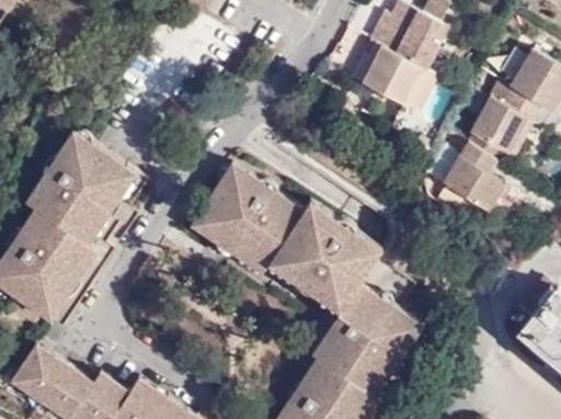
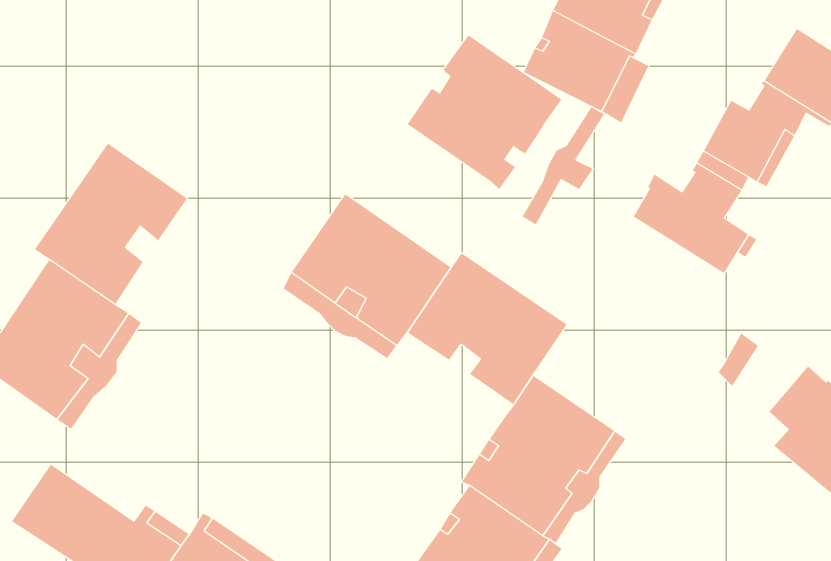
building: none -> [407,34,562,190]
building: none -> [522,106,605,226]
building: [79,165,136,241] -> none
building: [267,254,345,312] -> none

